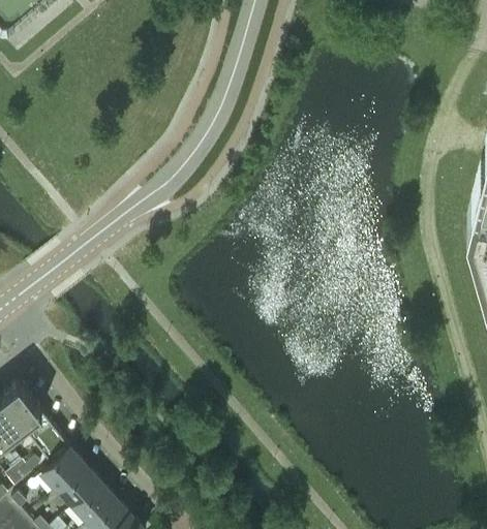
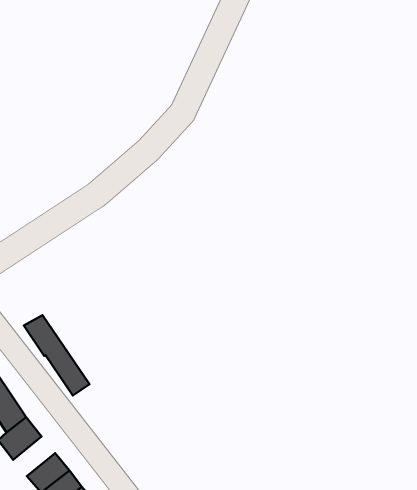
building: none -> [24,315,89,395]
building: [63,472,104,512] -> none

